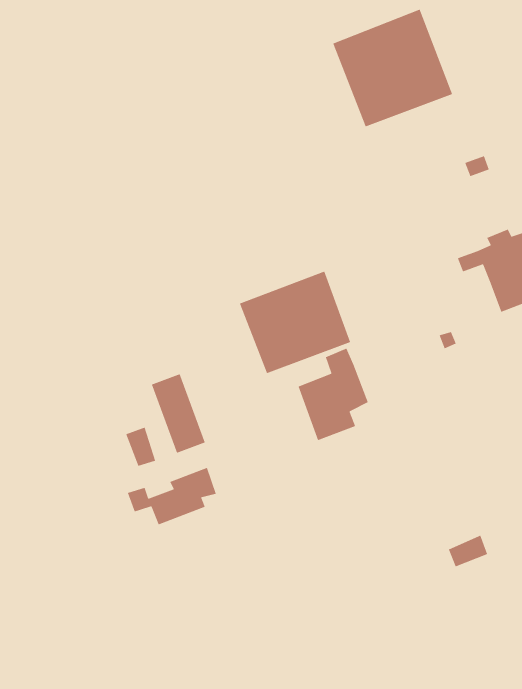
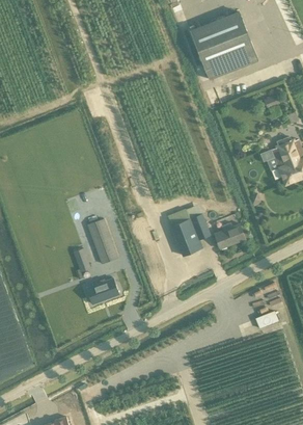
building: [239,271,351,374] -> none
building: none -> [214,223,245,248]

